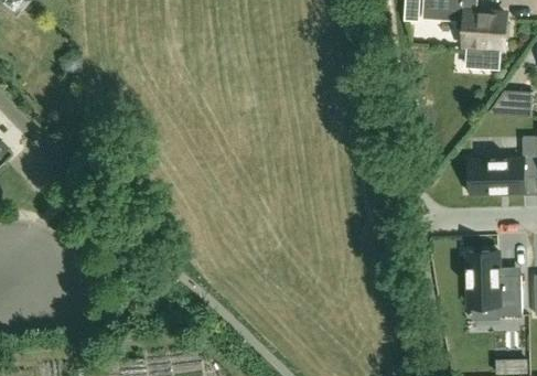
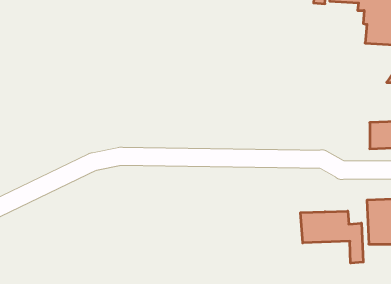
building: none -> [301,211,363,263]

